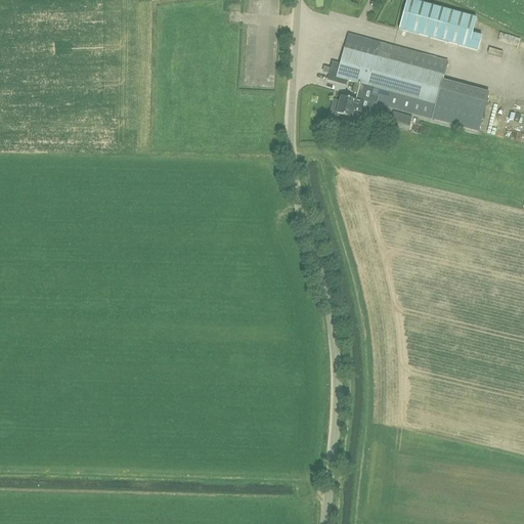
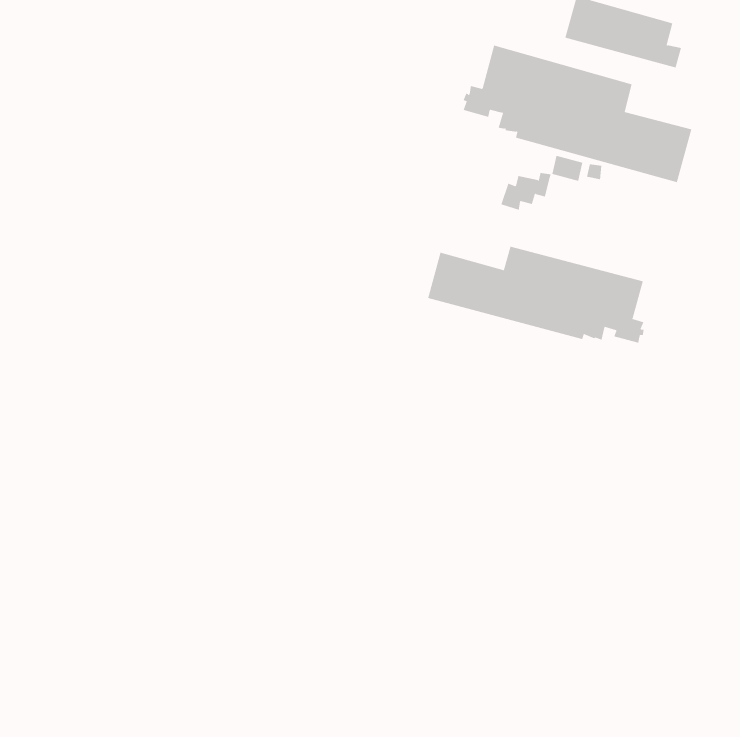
building: [330,92,365,119] -> [501,173,551,210]
building: none -> [427,246,644,344]

